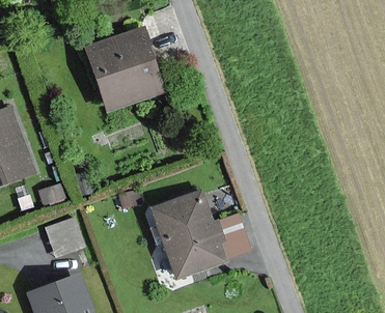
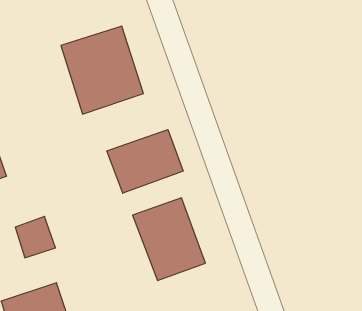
building: none -> [107,130,183,193]

